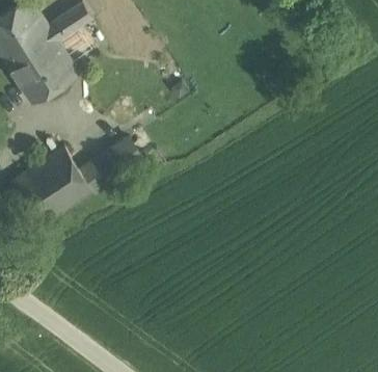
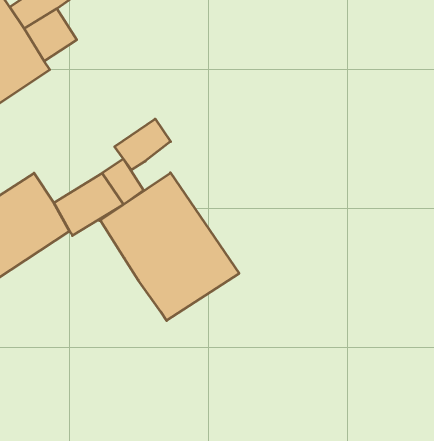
building: none -> [115,119,171,170]
building: none -> [99,173,239,321]

